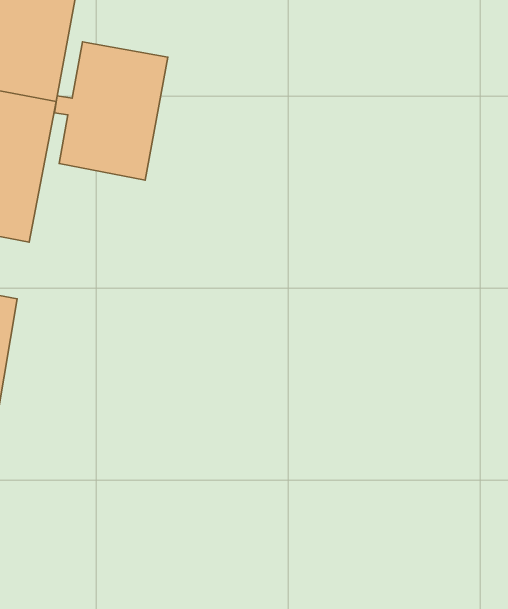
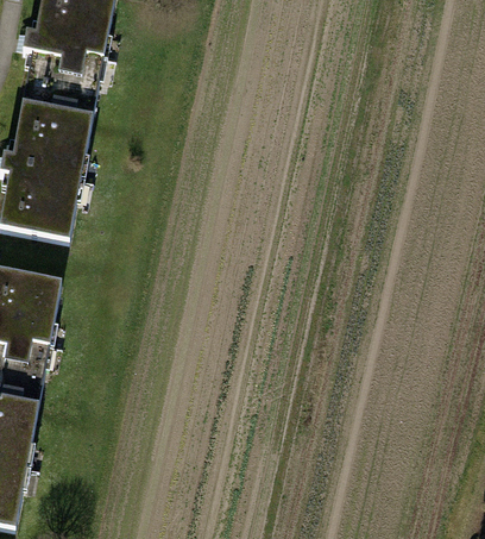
building: [55,42,168,180] -> none

